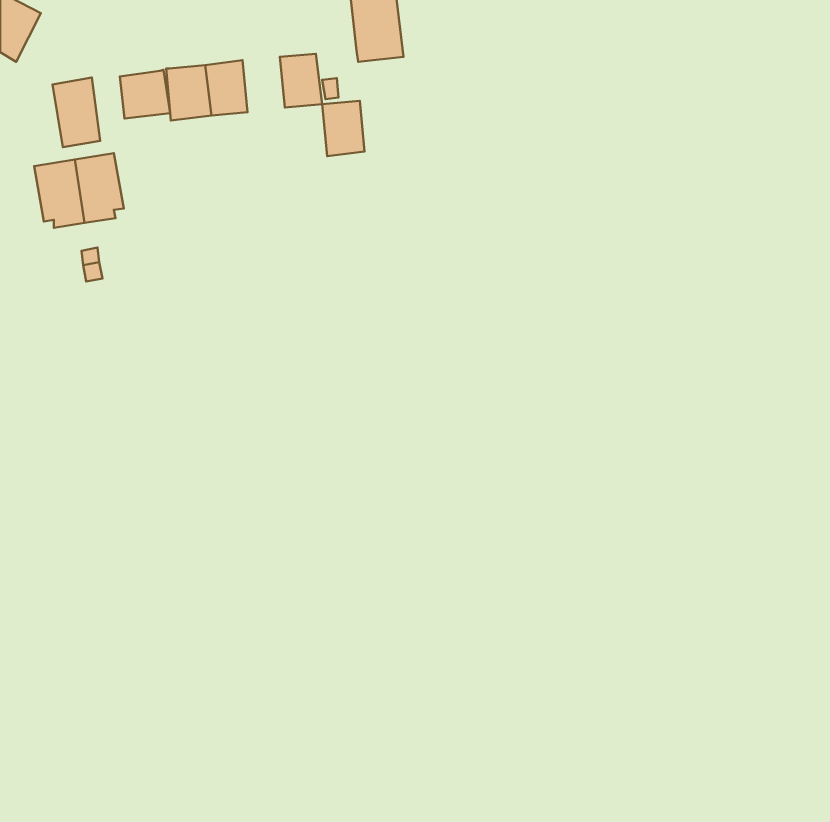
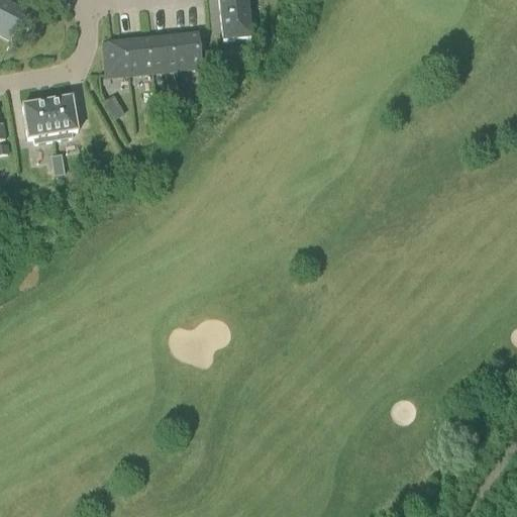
building: [120,70,170,119] -> none
building: [53,78,100,147] -> none
building: [322,101,365,156] -> [151,35,178,70]

